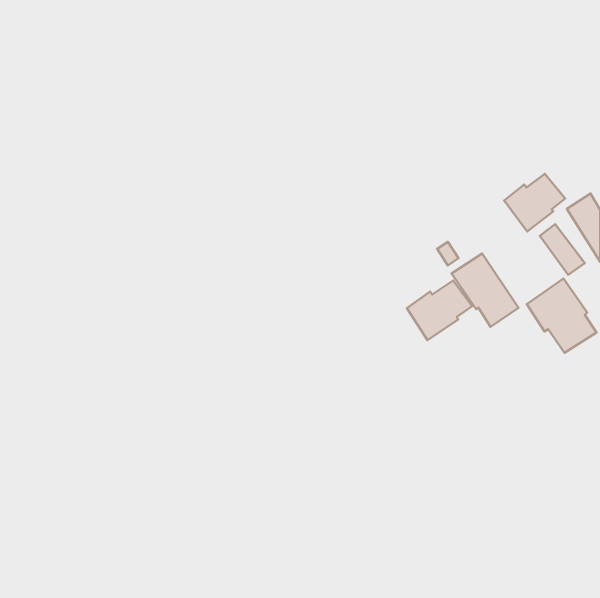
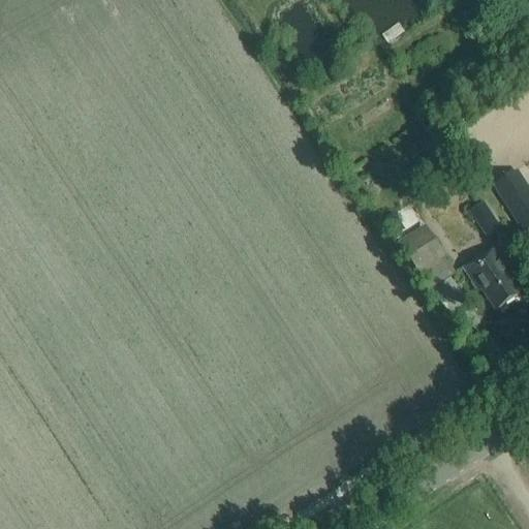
building: [504,174,565,231] -> none
building: [407,281,472,340] -> none

